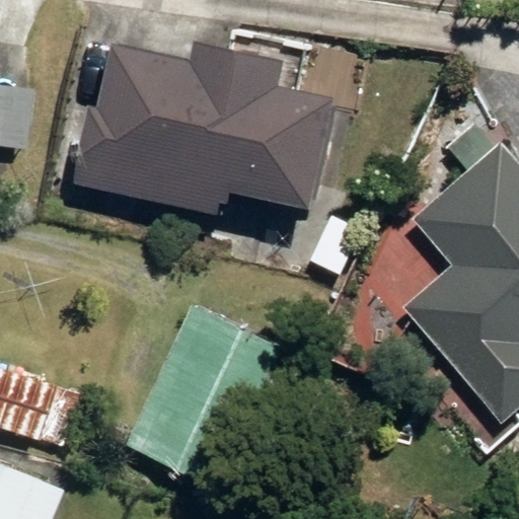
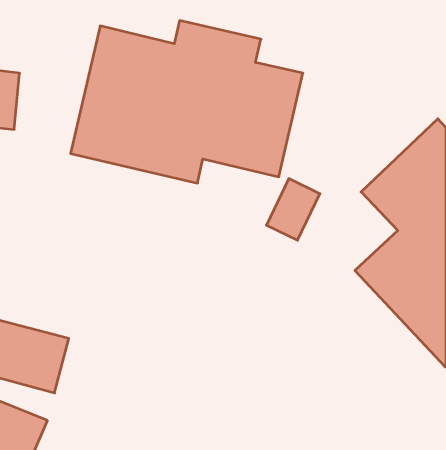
building: [122,306,286,497] -> none

